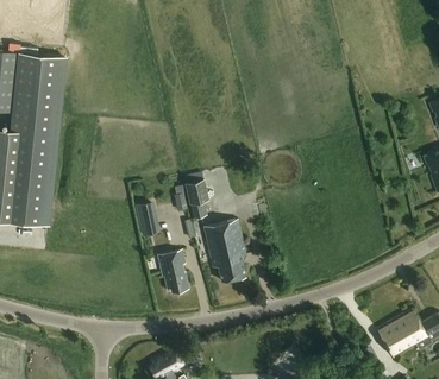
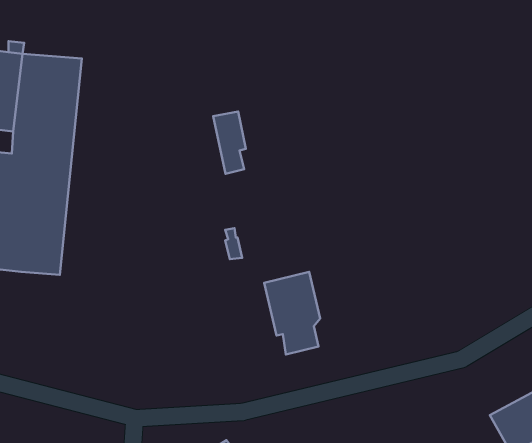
building: [183,172,208,220] -> [213,112,246,174]
building: [136,202,159,236] -> none
building: [157,251,189,293] -> none

